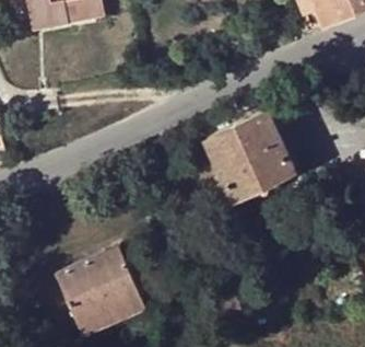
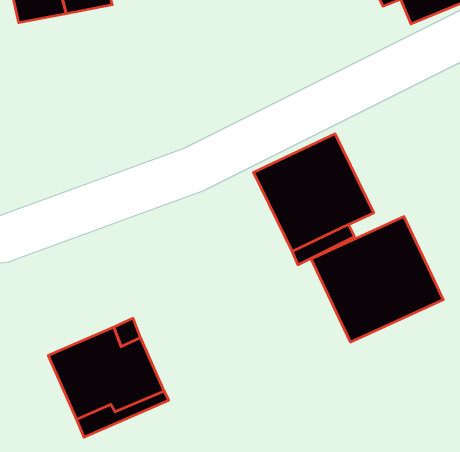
building: none -> [311,217,443,342]

